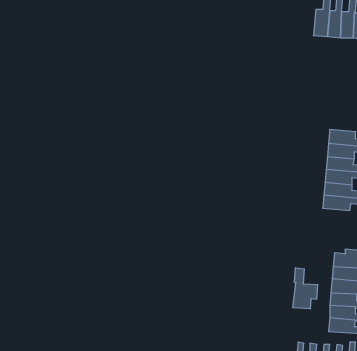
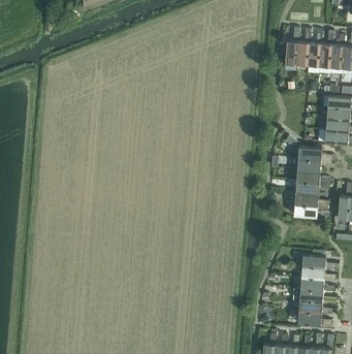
building: [293,268,318,309] -> none

